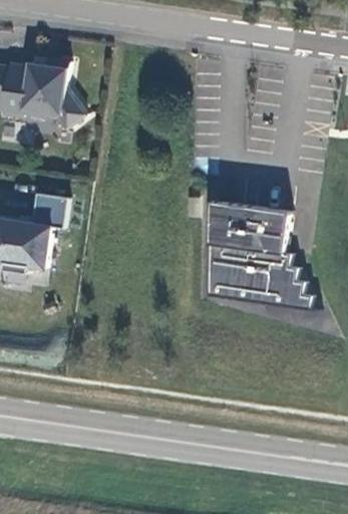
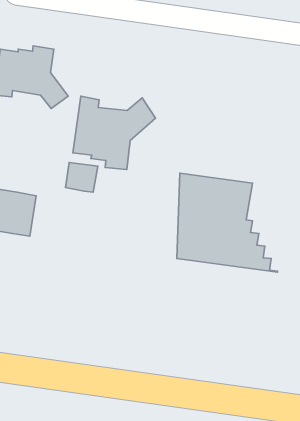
building: none -> [73,96,155,169]
building: [28,194,64,227] -> [65,162,98,192]

